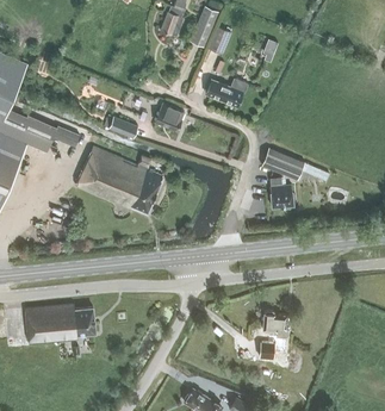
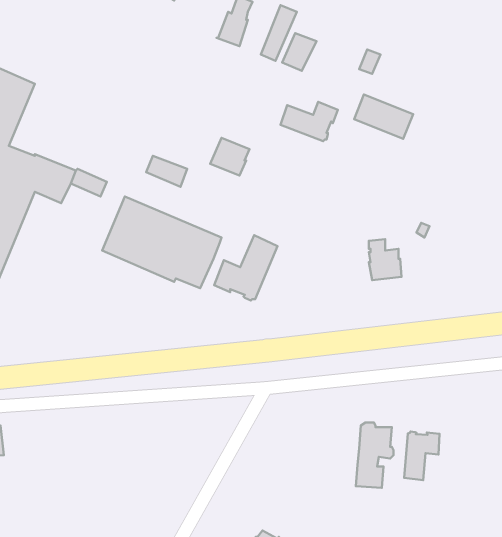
building: [262,148,305,180] -> [354,95,413,139]
building: none -> [214,235,278,301]
building: [26,305,97,344] -> none
building: none -> [404,431,440,480]

